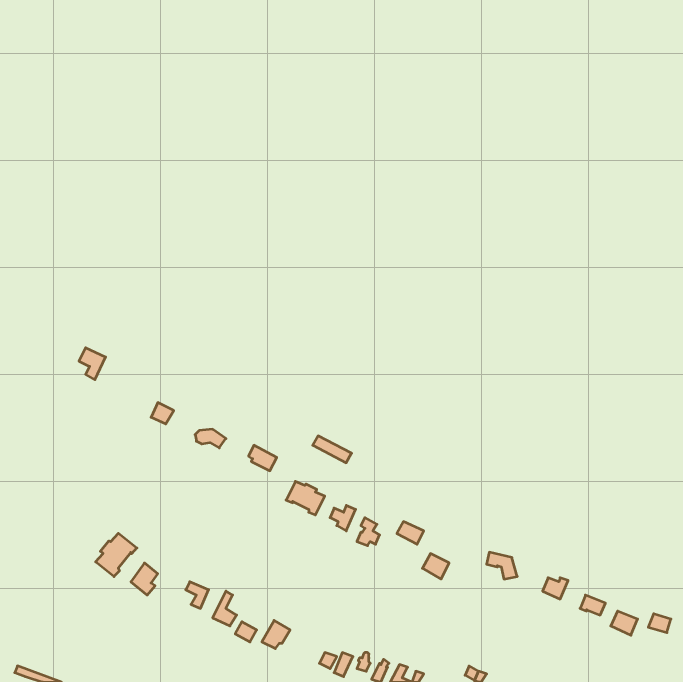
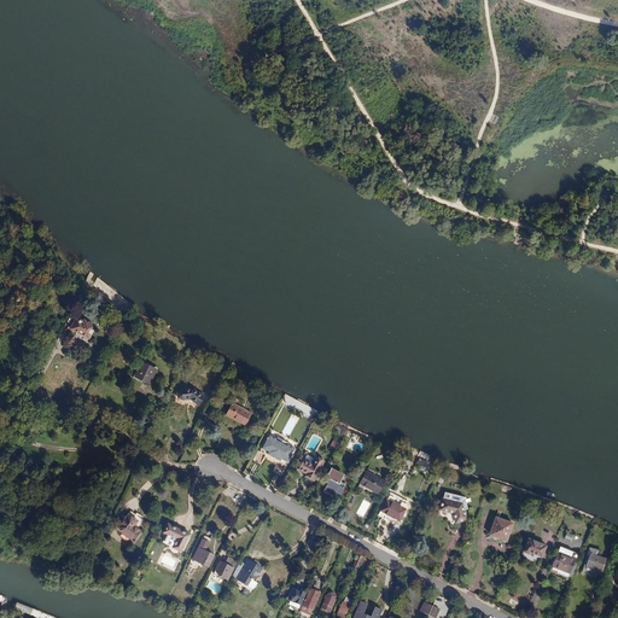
building: [96,533,137,577] -> none

